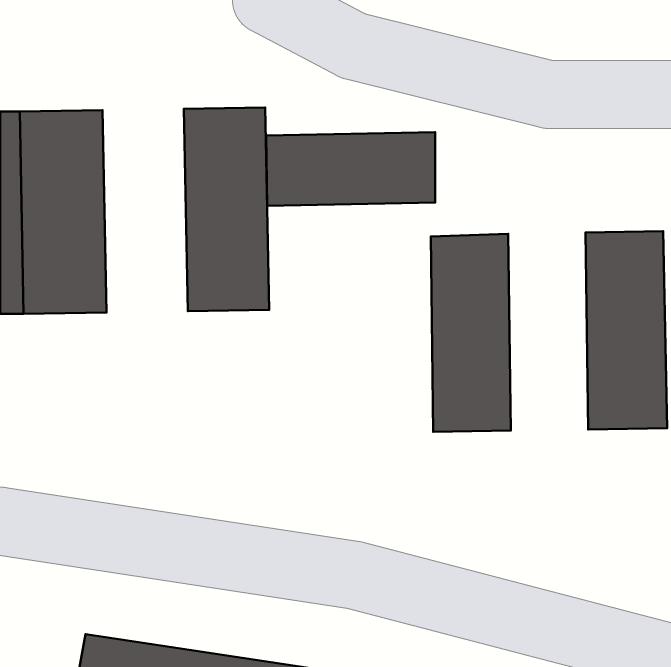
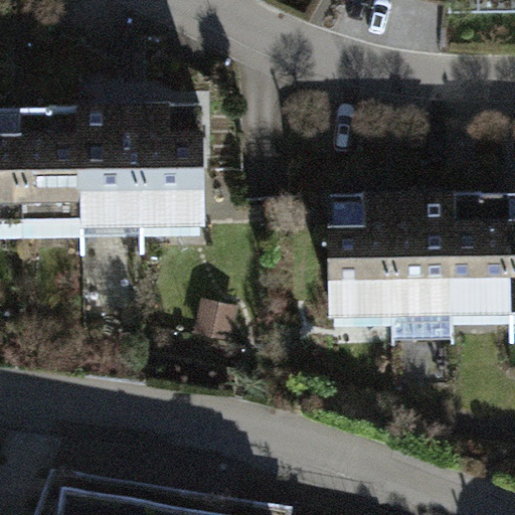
building: none -> [78,87,144,242]
building: [266,132,435,206] -> none
building: none -> [389,181,451,333]

